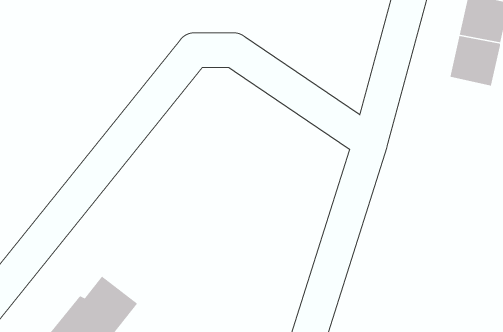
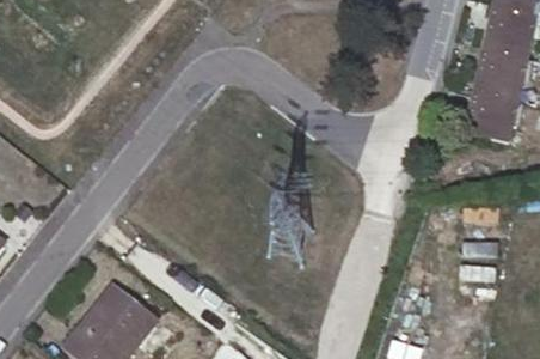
building: none -> [466,83,517,135]

